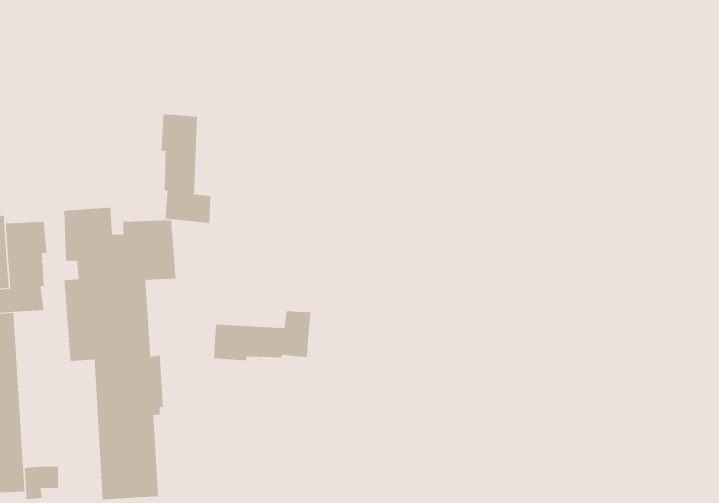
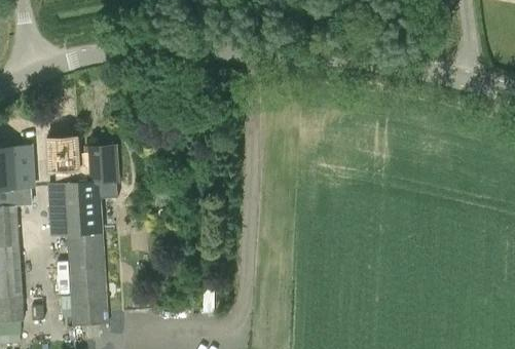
building: [161,114,211,224] -> none
building: [213,311,311,361] -> none

